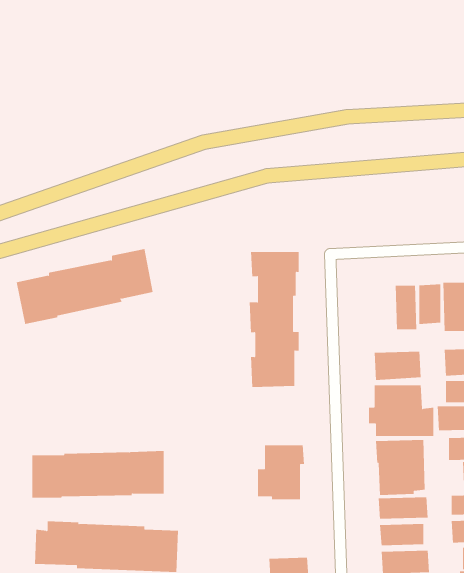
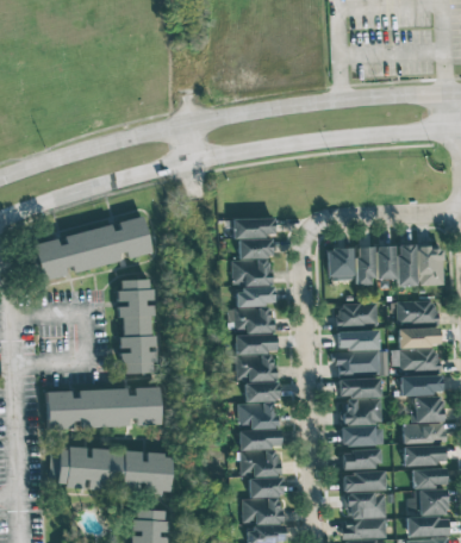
building: none -> [328,248,354,279]
building: none -> [119,279,156,373]
building: none -> [236,335,278,381]
building: none -> [241,430,281,476]

